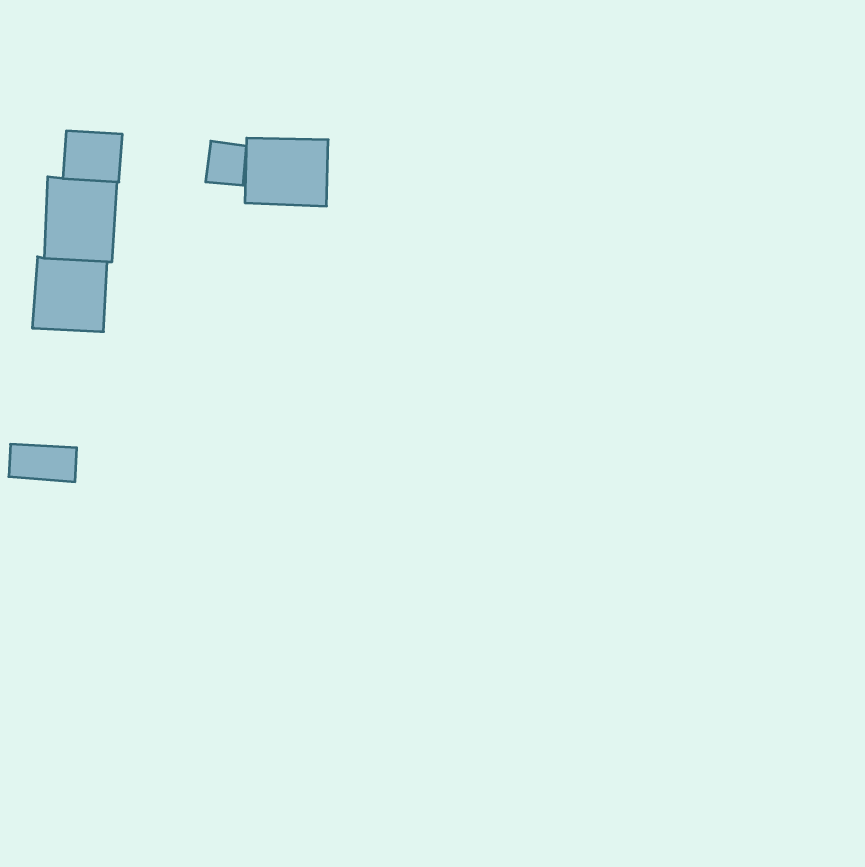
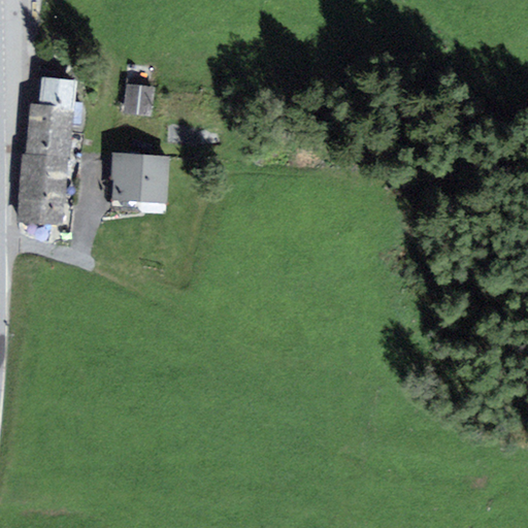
building: [245,138,328,206] -> [114,158,165,199]
building: [9,444,77,482] -> [20,199,61,222]

